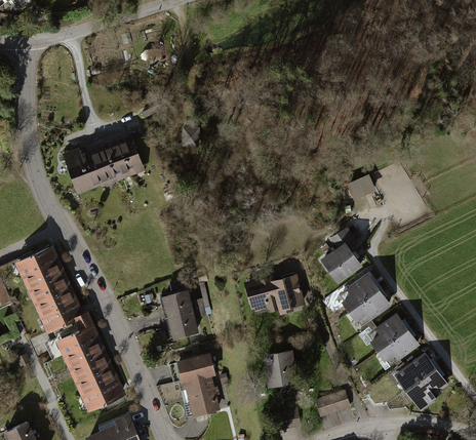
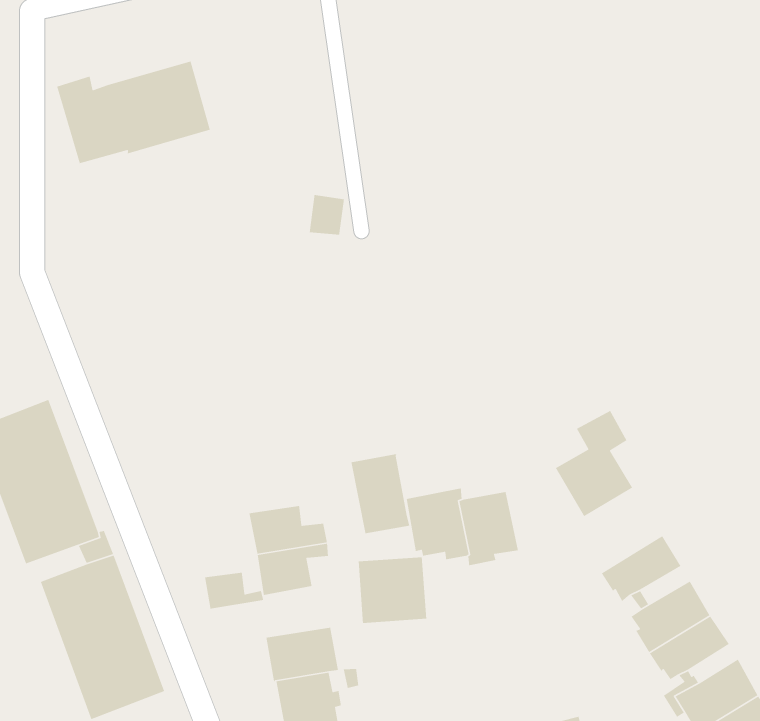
building: [61,134,144,194] -> [56,60,211,164]
building: [346,173,375,201] -> none
building: none -> [350,453,410,534]
building: [338,273,380,313] -> none
building: none -> [204,572,264,610]
building: [259,350,298,388] -> [358,556,427,624]

